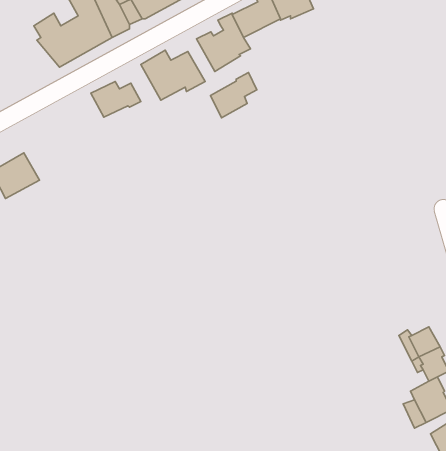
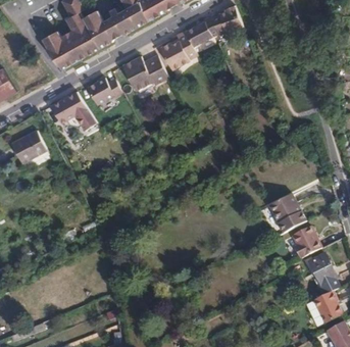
building: [211,73,257,118] -> none
building: none -> [45,97,91,133]
building: none -> [269,195,306,235]
building: none -> [292,228,321,260]

